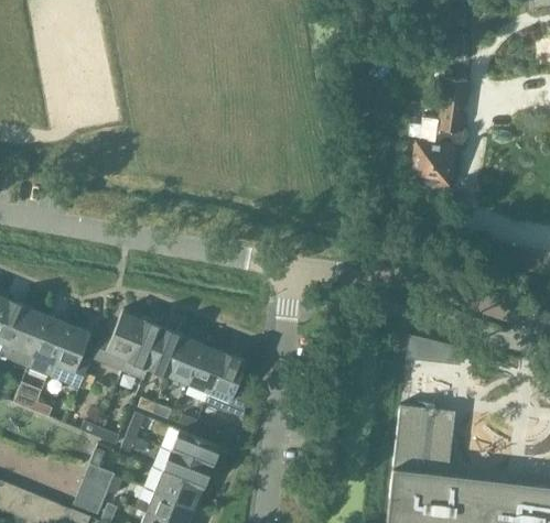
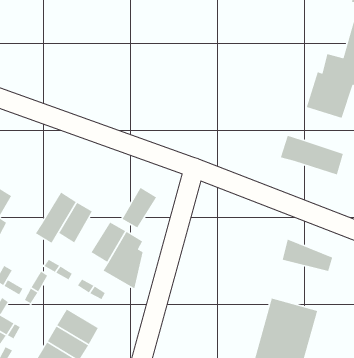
building: none -> [280,135,344,176]
building: [90,312,143,372] -> none
building: [168,337,204,384] -> [121,187,157,228]
building: [170,431,218,468] -> none

